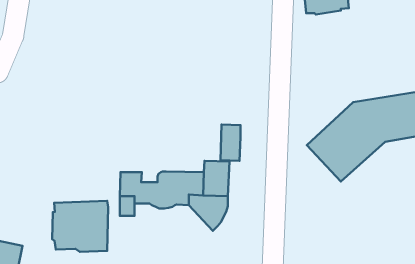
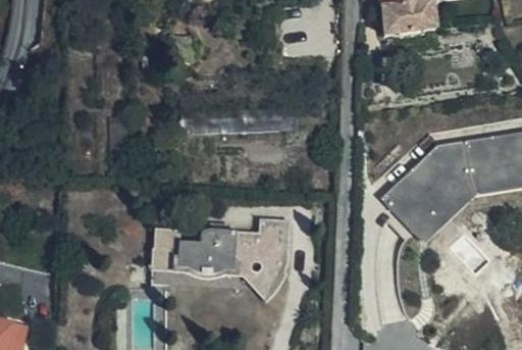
building: [220,124,241,161] -> none
building: [52,201,108,252] -> none

